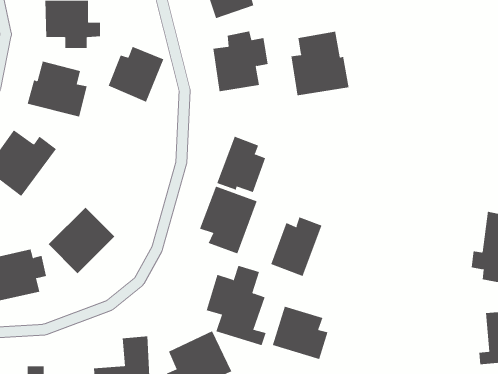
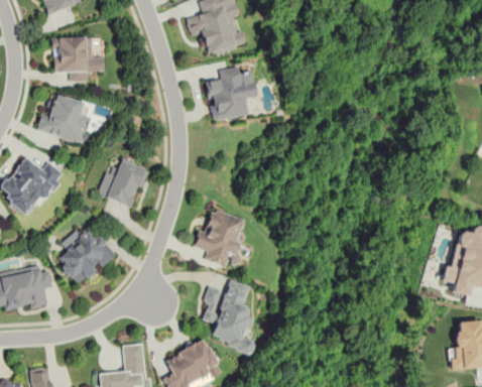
building: [291,31,349,96] -> none
building: [108,46,164,102] -> [98,158,149,210]
building: [216,136,266,193] -> none
building: [271,216,322,277] -> none
building: [272,306,328,360] -> none

